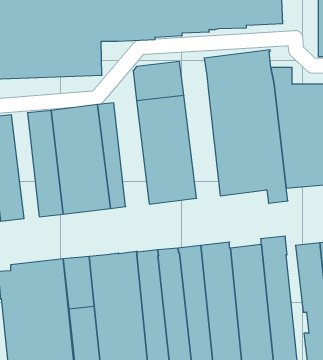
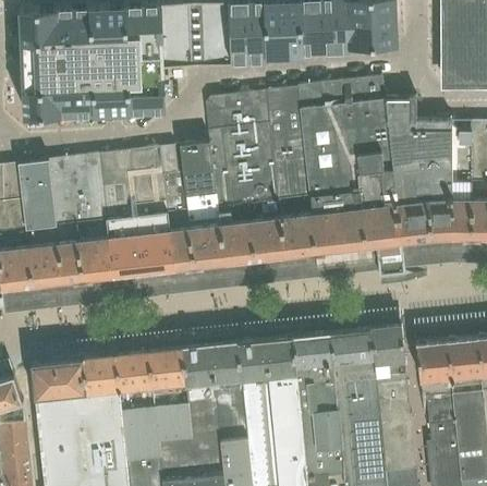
building: none -> [265,88,317,269]
building: none -> [180,143,226,280]
building: none -> [48,159,84,295]

